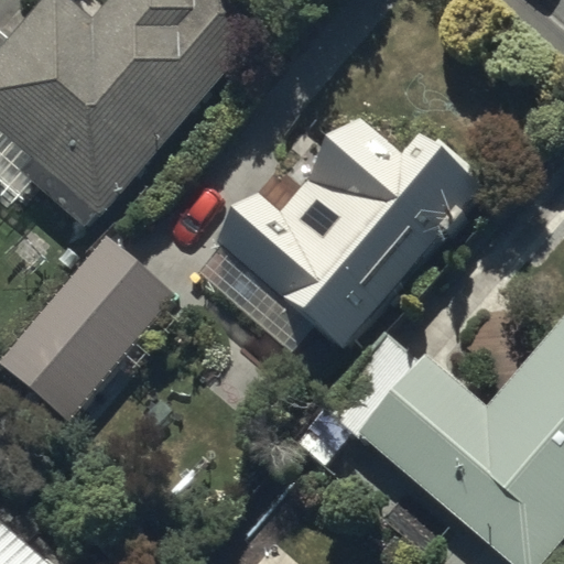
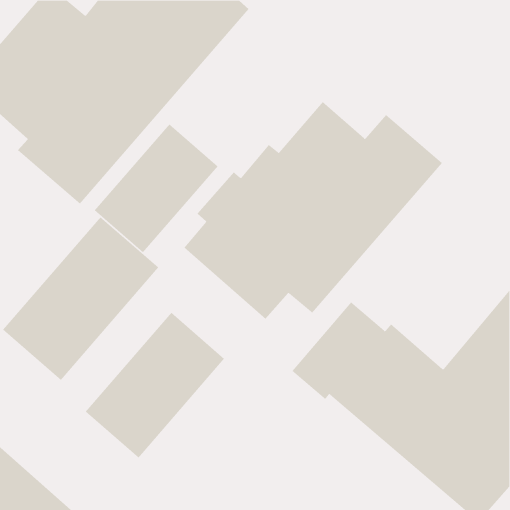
building: none -> [94,123,219,253]
building: none -> [85,312,225,458]

